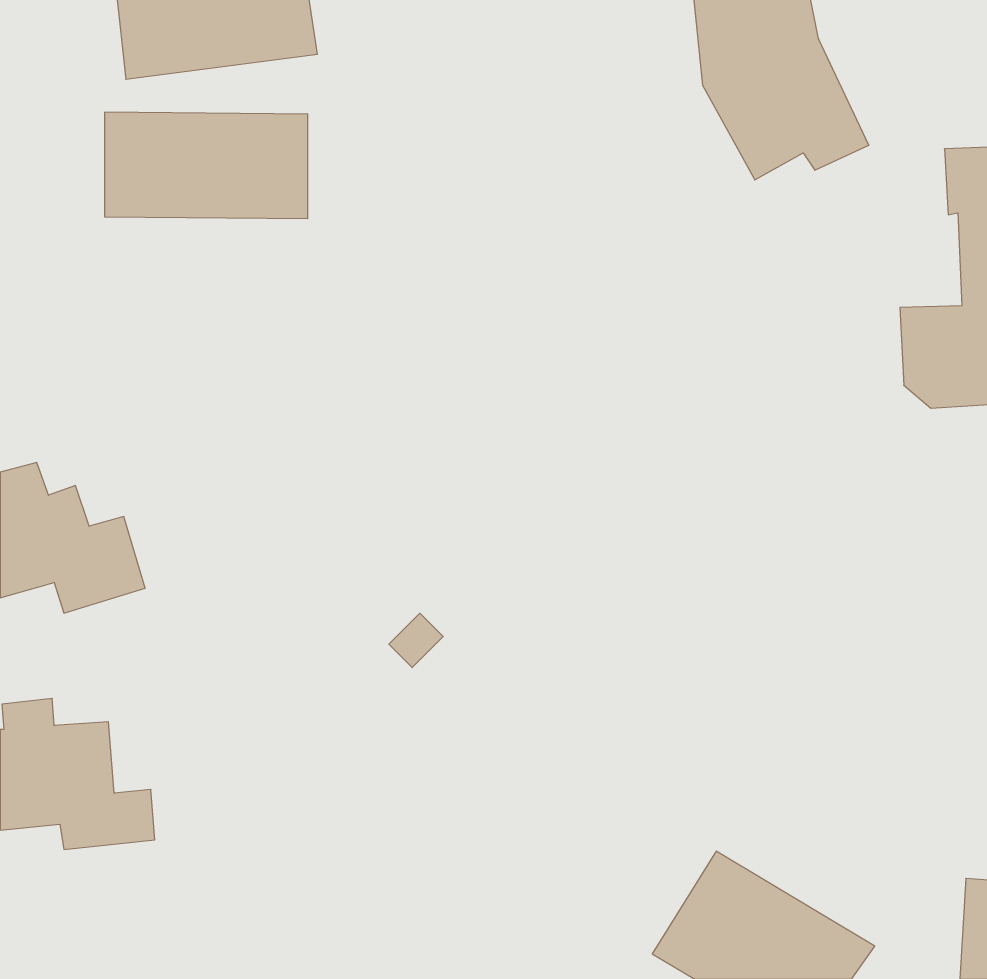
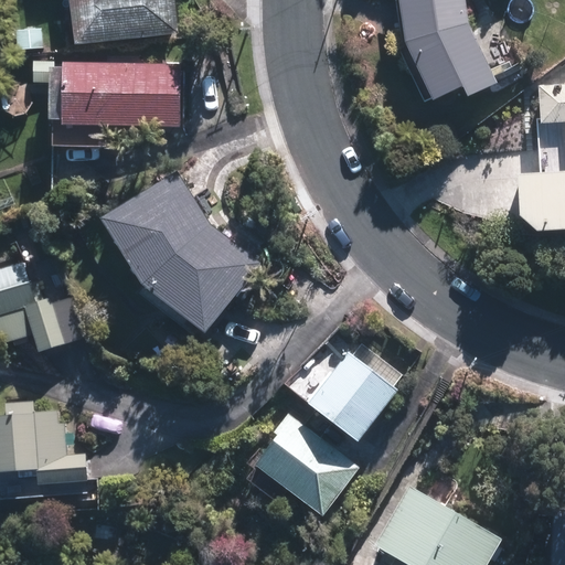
building: none -> [99,171,259,334]
building: none -> [305,339,404,444]
building: none -> [253,412,356,515]

